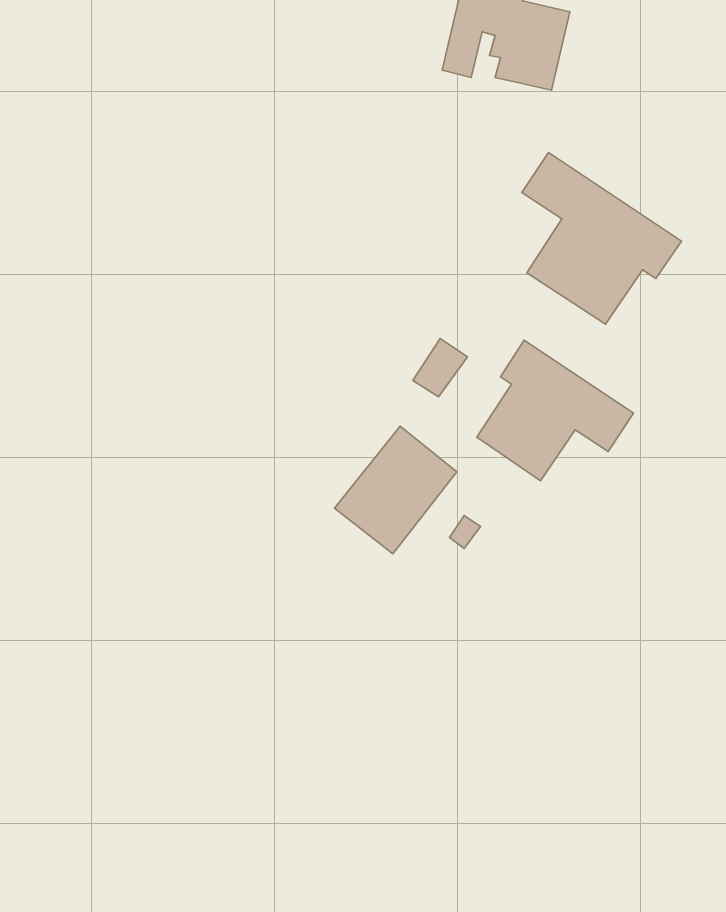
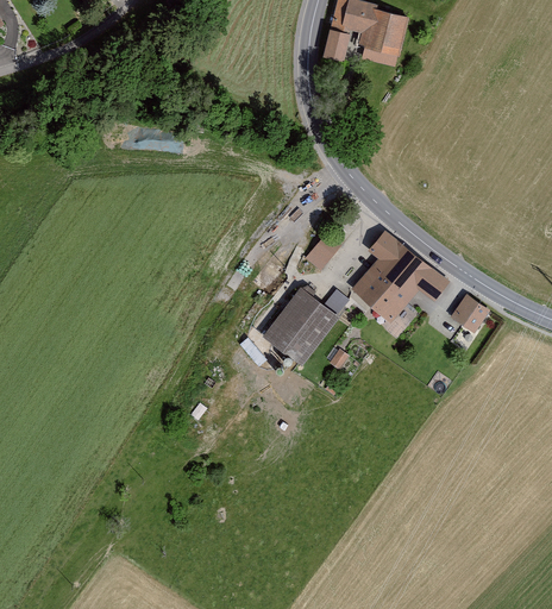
building: [522,152,682,324] -> none
building: none -> [448,294,495,339]

